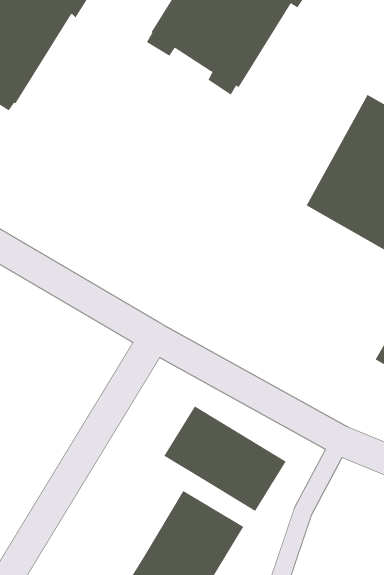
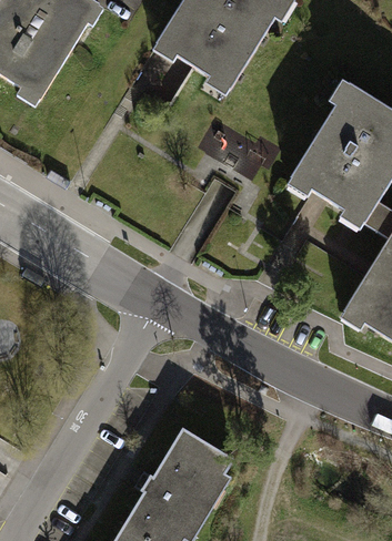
building: [163,405,287,512] -> none

